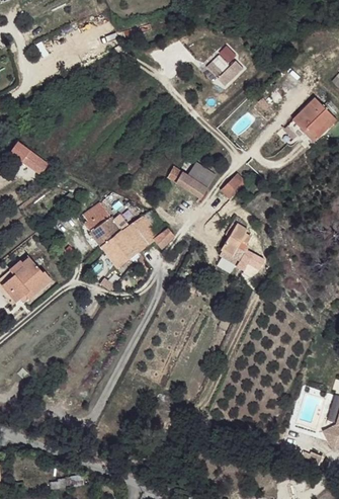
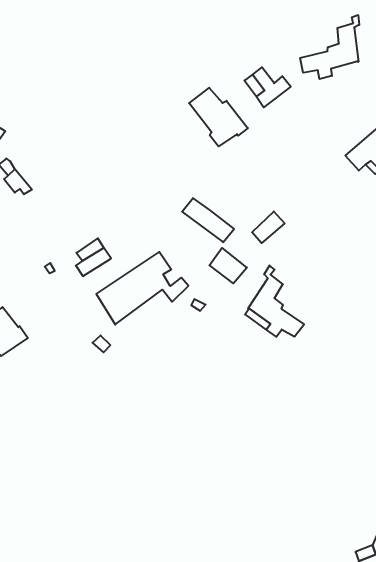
building: none -> [300,15,359,79]
building: none -> [189,88,248,146]
building: [187,160,217,187] -> [209,248,247,283]
building: [90,216,121,244] -> none

